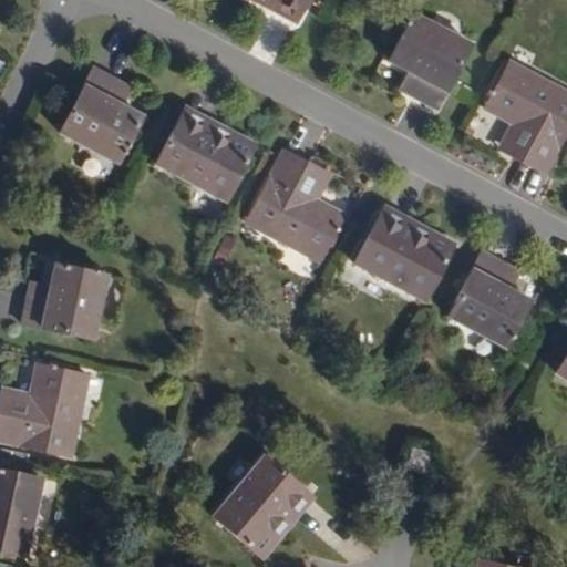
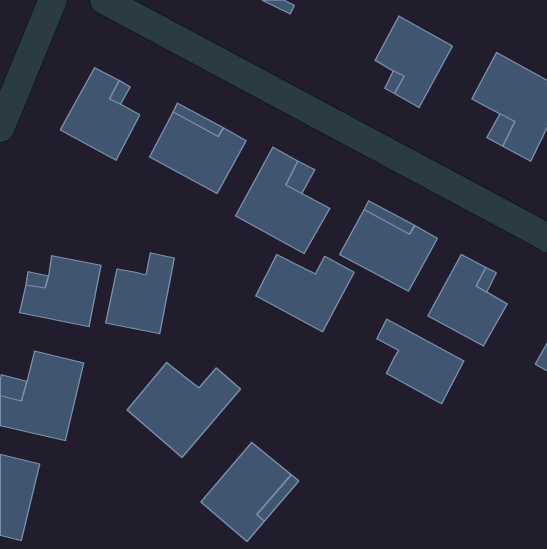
building: none -> [106,253,174,334]
building: none -> [256,254,354,332]
building: none -> [377,319,464,404]
building: none -> [127,362,240,457]

